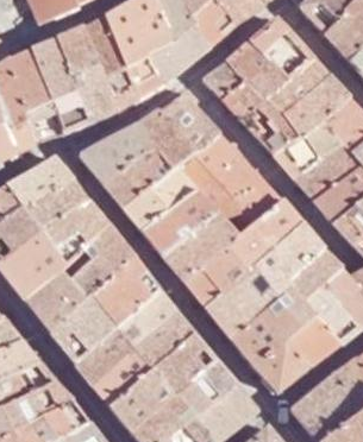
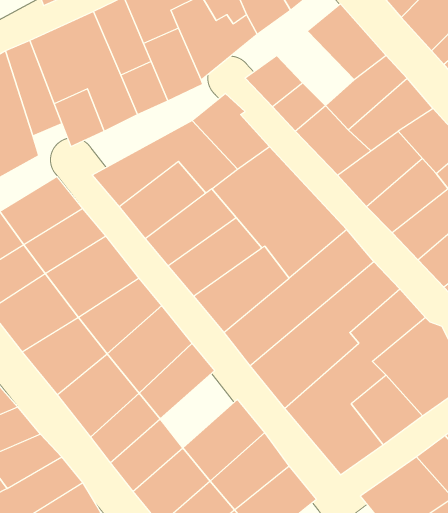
building: [225,42,286,100] -> none
building: [133,308,194,368] -> none

